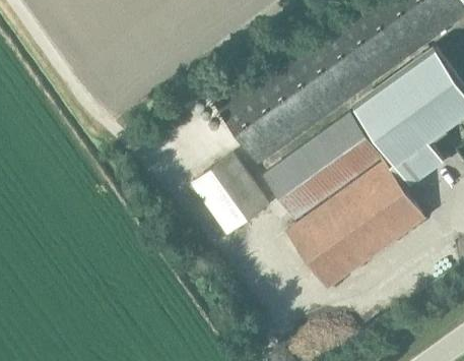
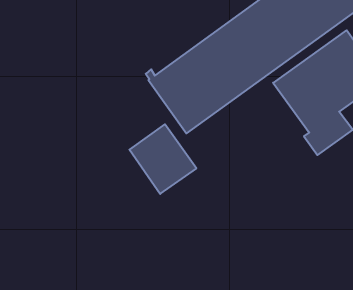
building: [264,116,381,221] -> none
building: [287,164,424,290] -> none

